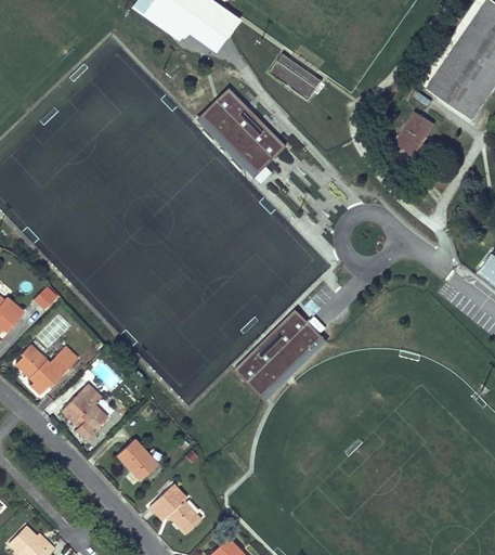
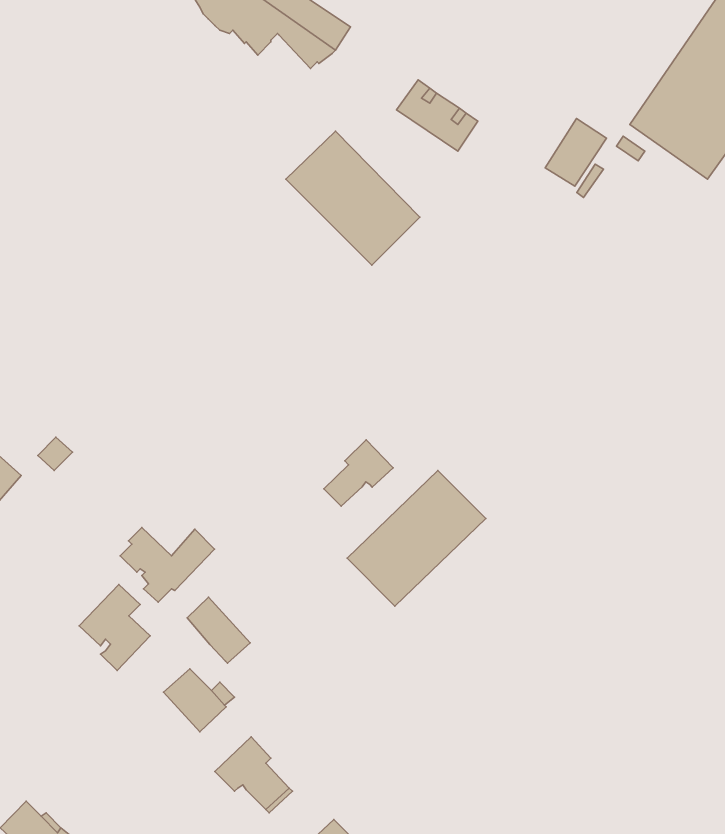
building: [394,112,434,156] -> [545,118,606,186]
building: none -> [324,440,393,506]
building: [15,346,77,395] -> [120,528,215,602]
building: none -> [187,597,250,663]

